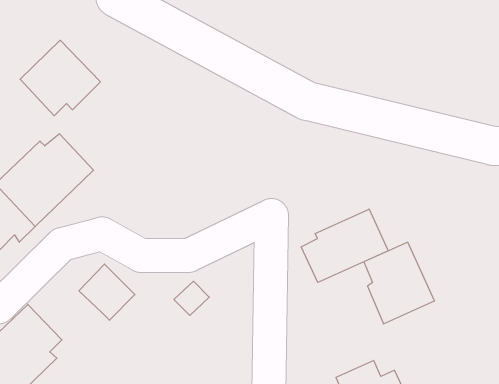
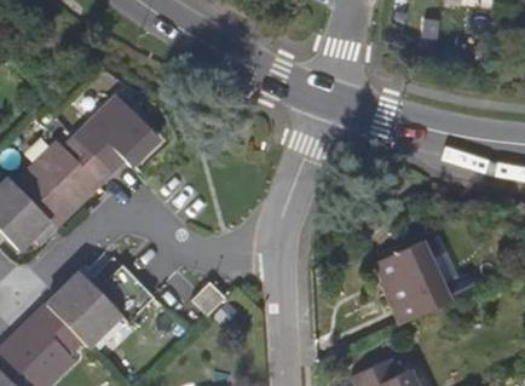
building: [20,40,100,116] -> [76,97,156,172]
building: [301,209,388,282] -> none
building: none -> [45,272,119,346]

